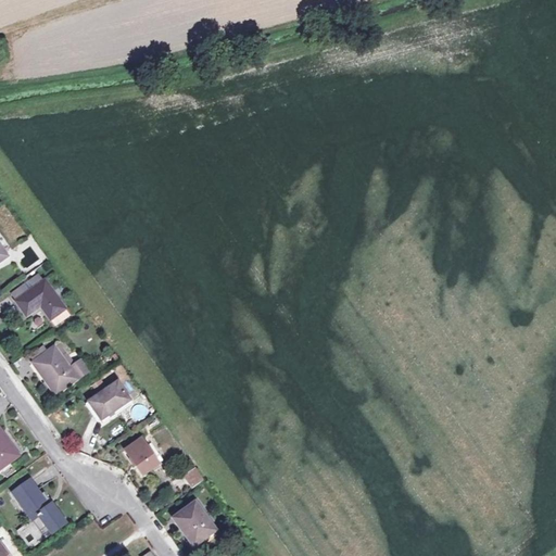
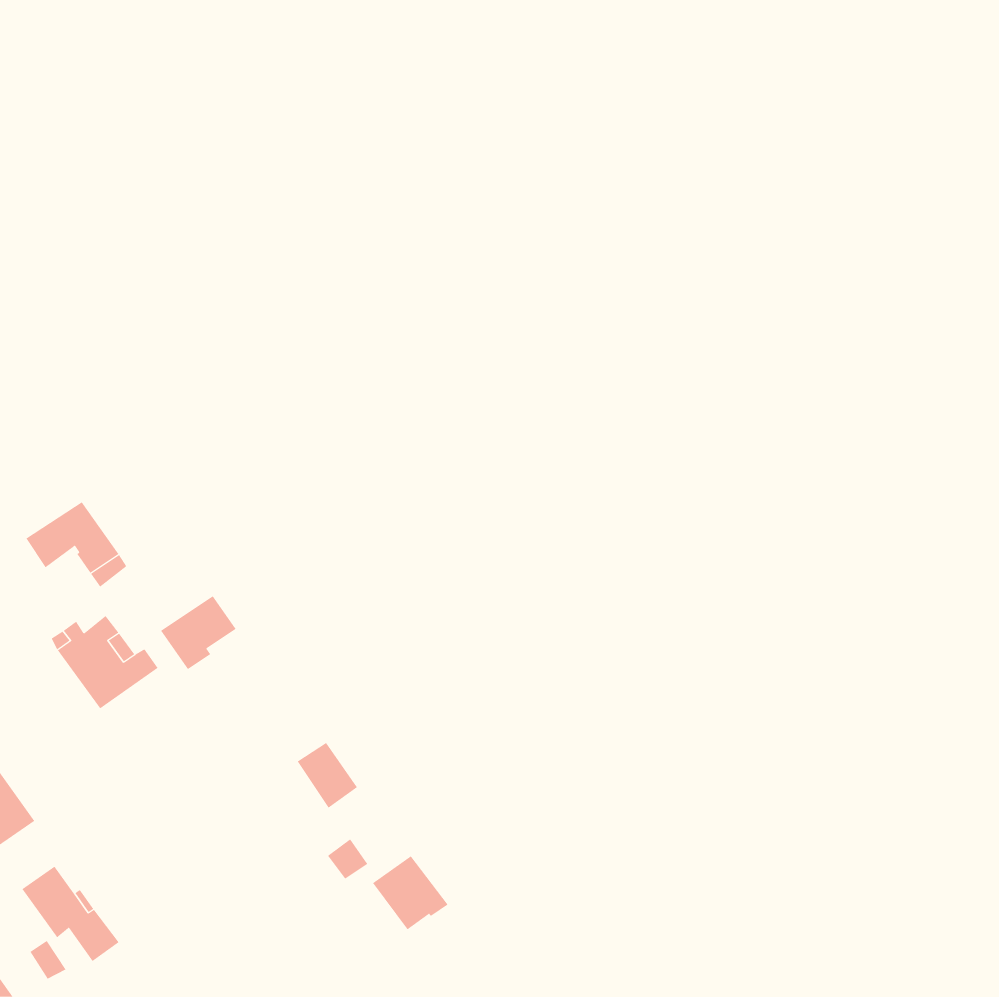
building: [88,380,130,421] -> [160,596,237,670]
building: [125,437,159,473] -> [297,742,358,809]
building: [174,502,216,543] -> [372,856,448,930]

